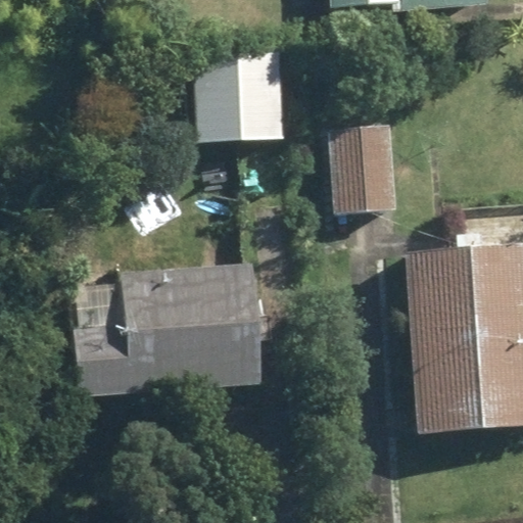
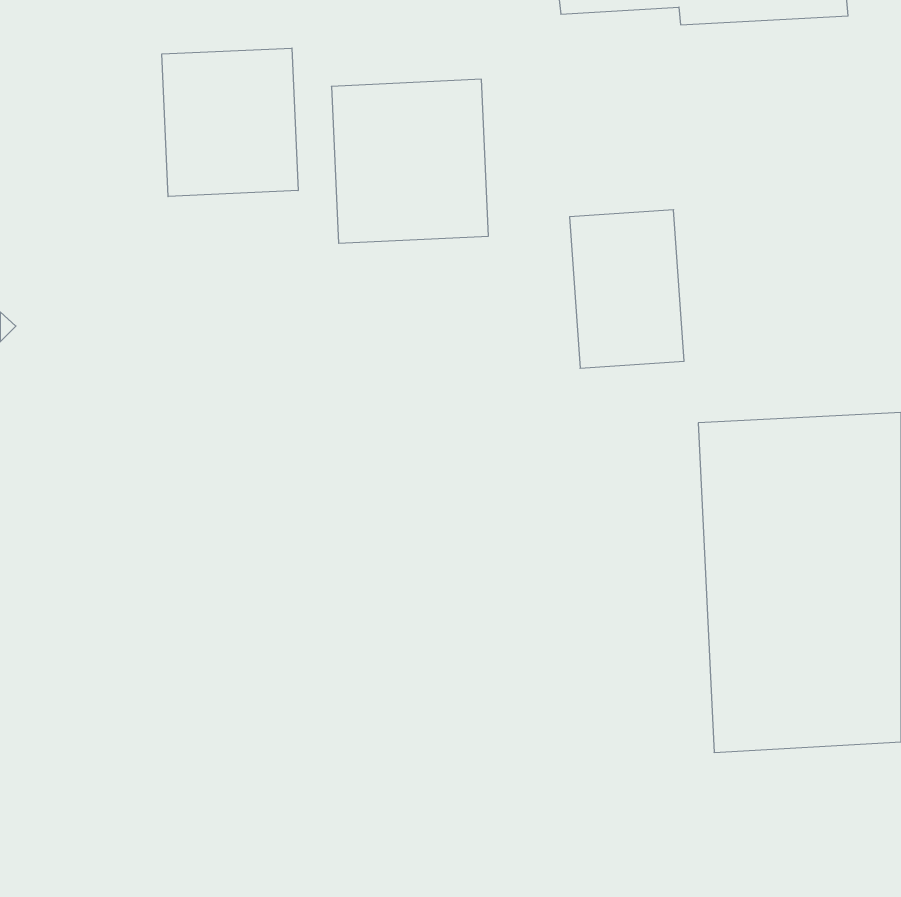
building: none -> [162,48,298,197]
building: [72,264,264,392] -> none

